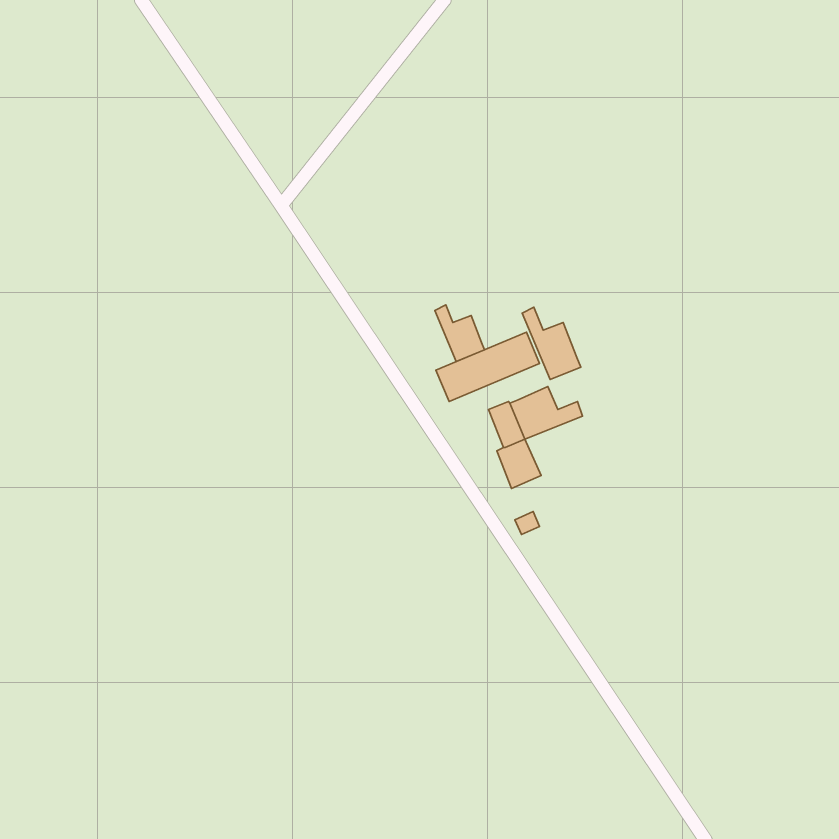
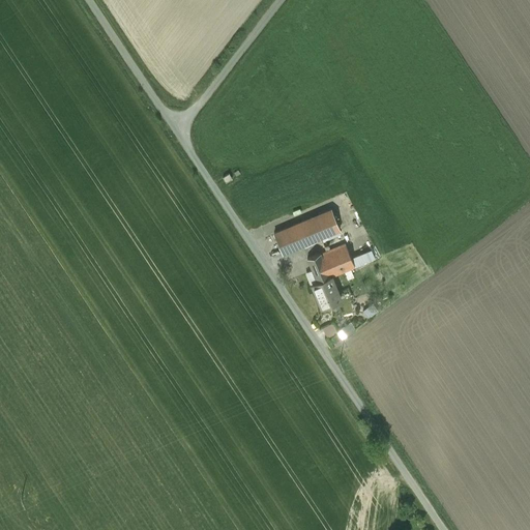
building: [435,305,485,361] -> none
building: [522,307,581,380] -> none

